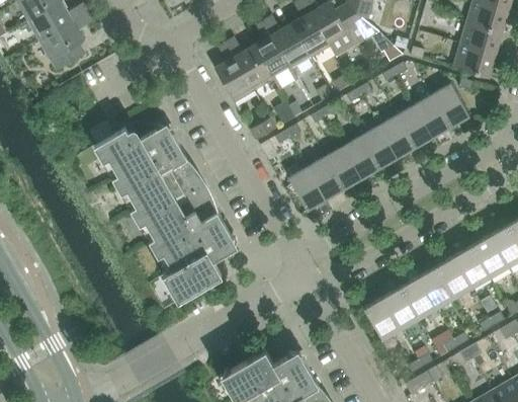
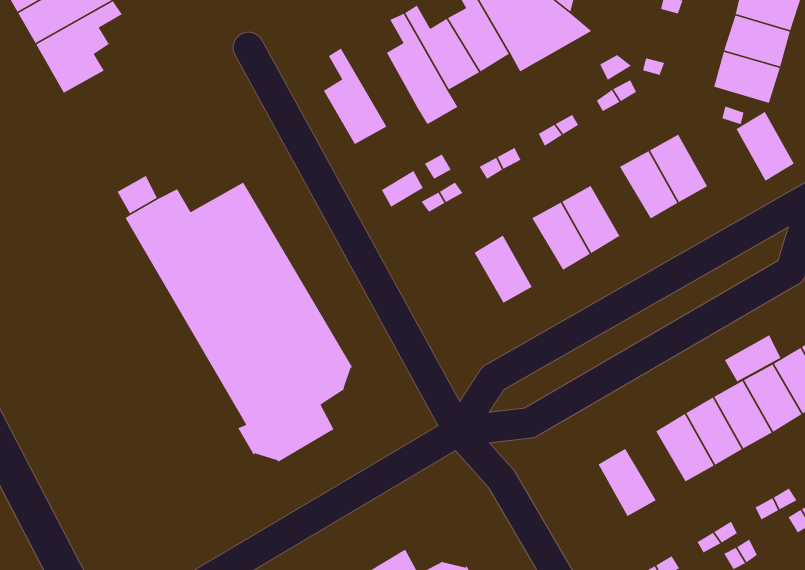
building: [227,36,273,90] -> none
building: [433,83,469,127] -> [735,111,795,182]
building: [379,114,416,157] -> none
building: [326,146,362,188] -> none
building: [289,167,326,210] -> none
building: none -> [724,334,782,383]
building: [401,276,437,319] -> none
building: [364,297,402,340] -> none

